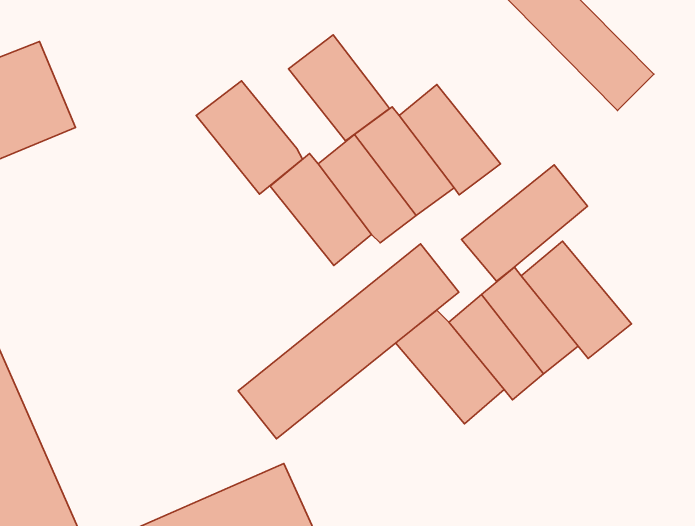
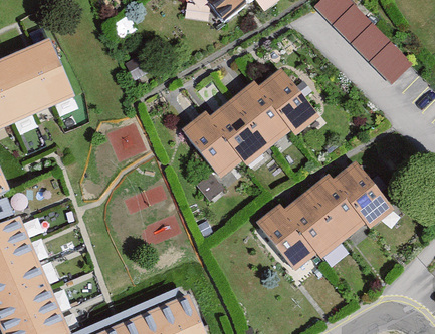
building: [289,35,389,141] -> none
building: [196,81,303,194] -> none
building: [461,165,588,281] -> none
building: [238,244,459,439] -> none

